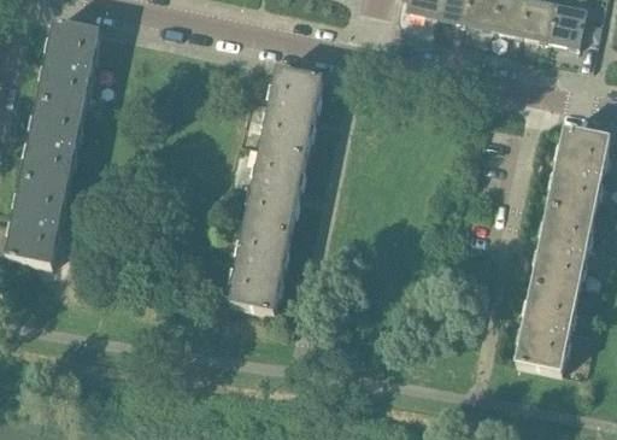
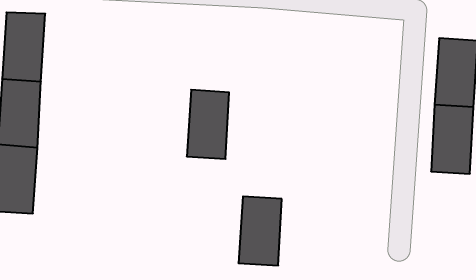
building: [260,66,322,154] -> none
building: [227,223,289,311] -> [238,196,282,265]
building: [515,283,577,371] -> none

